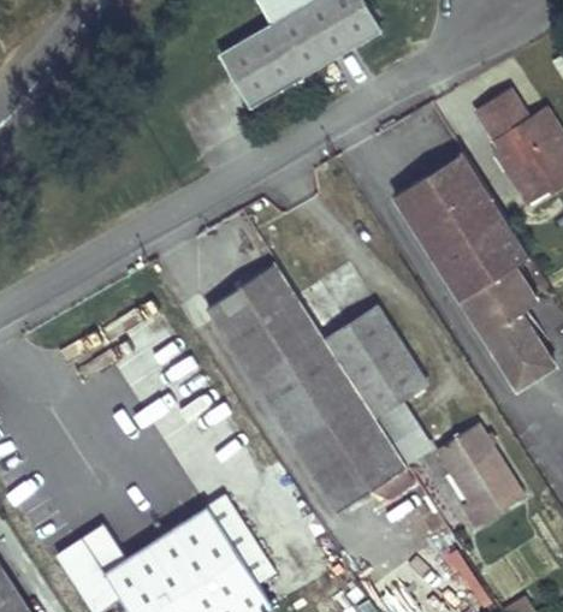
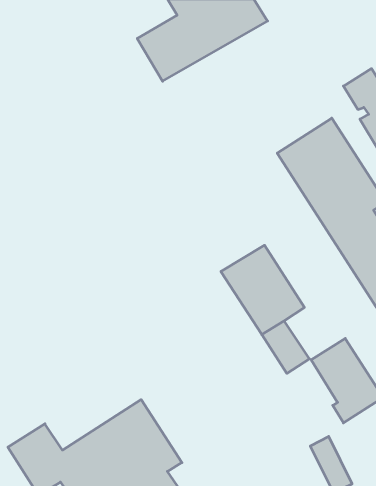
building: [207,268,403,513] -> none

